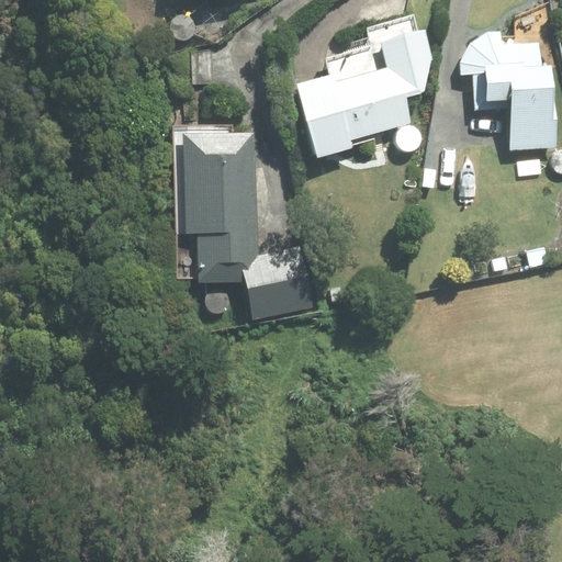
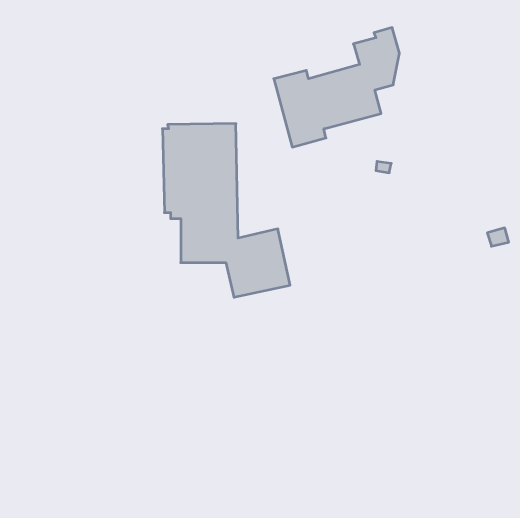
building: [460,30,555,148] -> none

